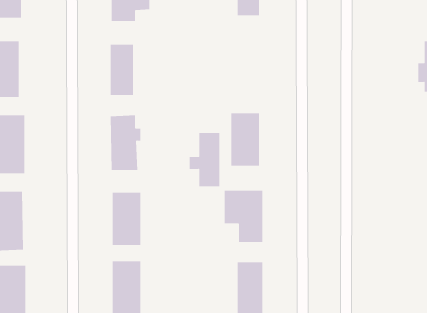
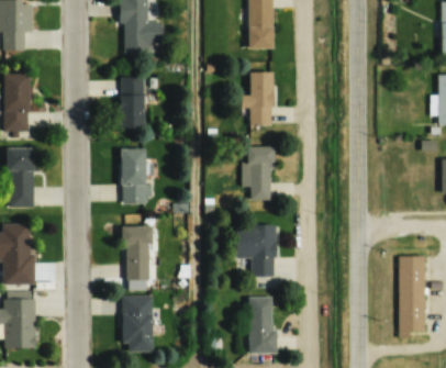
building: [189,132,220,187] -> [241,71,272,126]
building: none -> [400,256,426,337]

